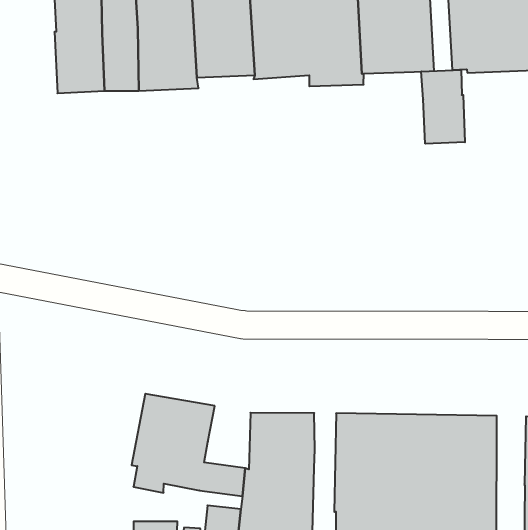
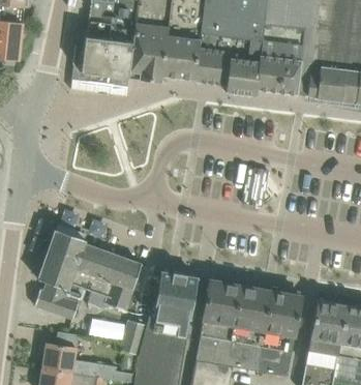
building: [421,70,465,144] -> none
building: none -> [34,230,103,320]

